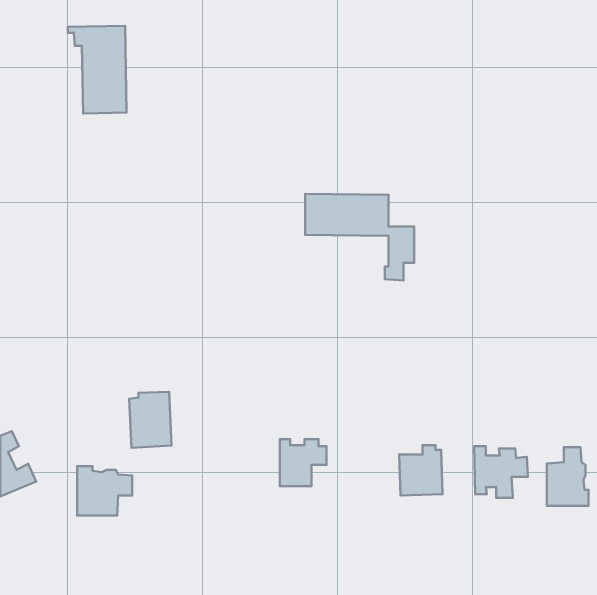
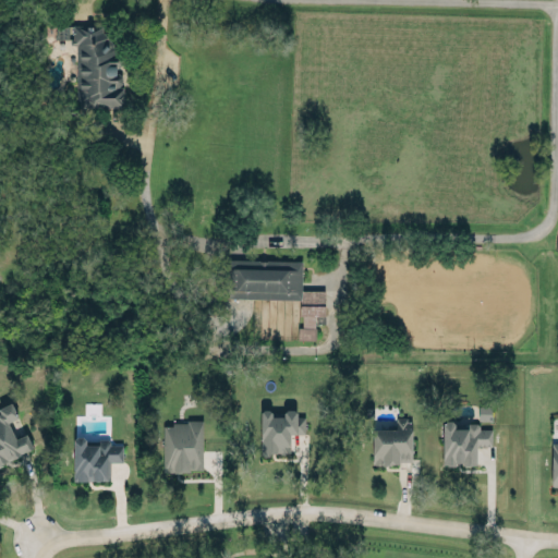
building: [305,194,414,280] -> [225,262,326,342]
building: [129,392,171,448] -> [163,422,203,474]
building: [547,447,589,506] -> none

